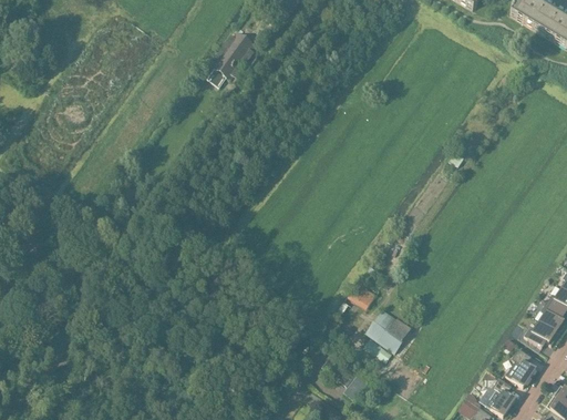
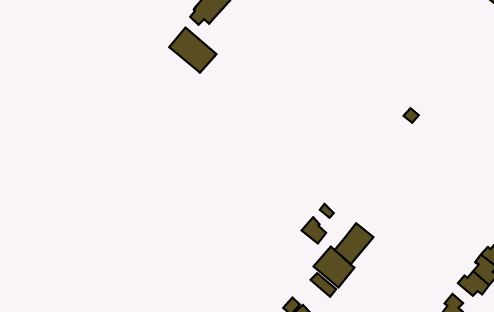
building: none -> [169,27,217,73]
building: none -> [334,223,373,264]

